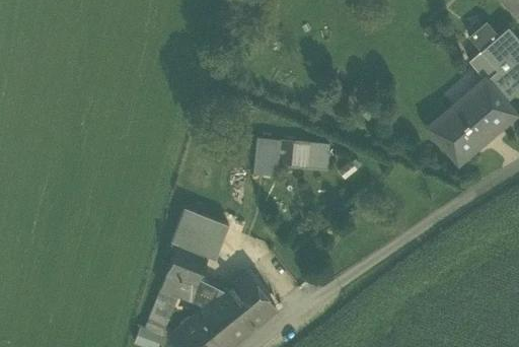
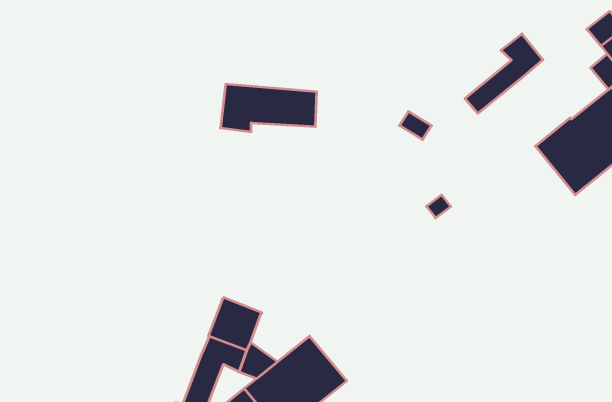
building: none -> [465,34,543,113]
building: [253,137,329,175] -> [220,84,317,132]
building: [172,209,230,261] -> none

